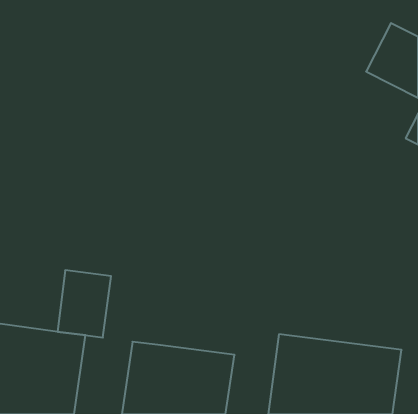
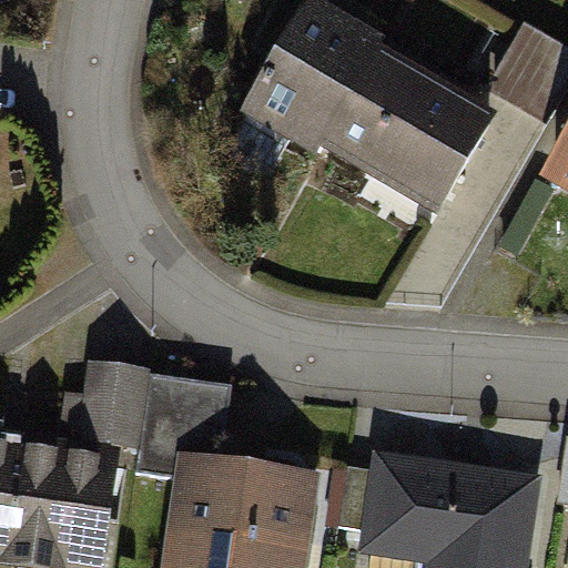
building: none -> [254,12,381,158]
building: none -> [331,62,490,215]
building: none -> [139,373,227,466]

